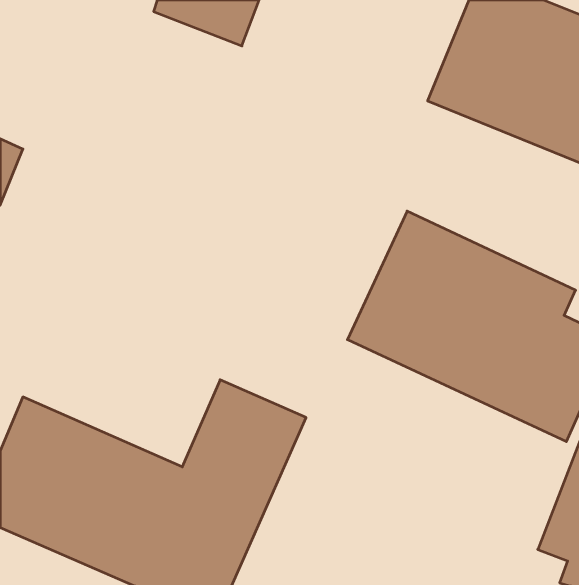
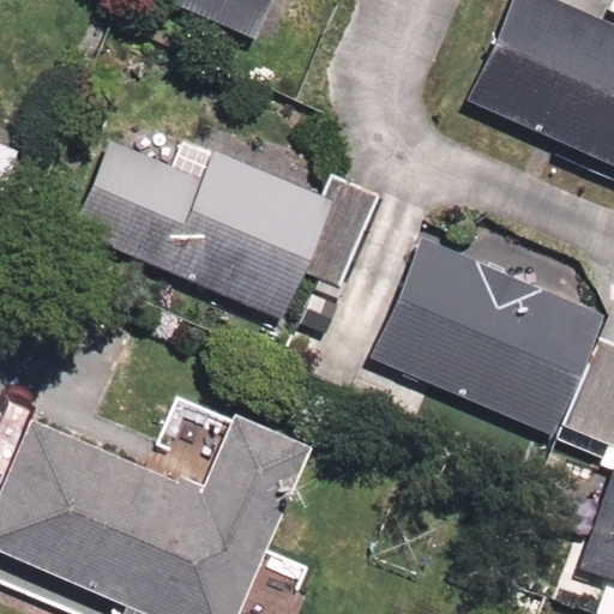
building: none -> [74,104,324,311]

